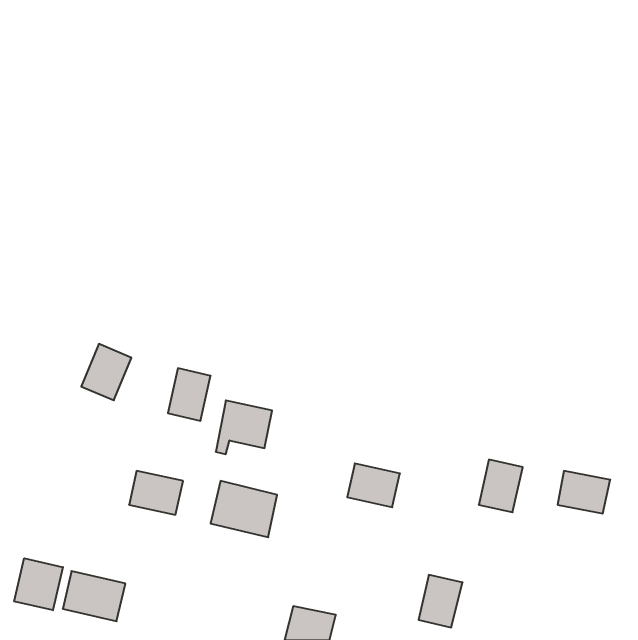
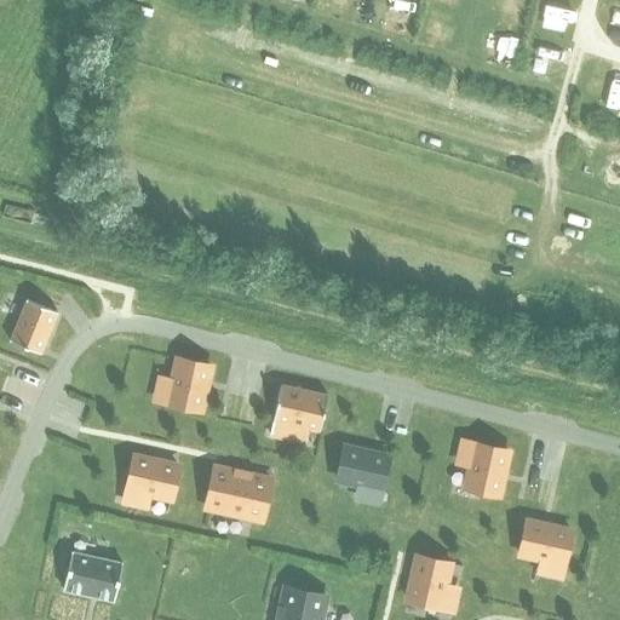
building: [81,344,131,400] -> [11,298,59,352]
building: [216,400,272,454] -> [271,385,326,437]
building: [558,471,610,514] -> [521,522,572,563]
building: [14,558,63,610] -> none

